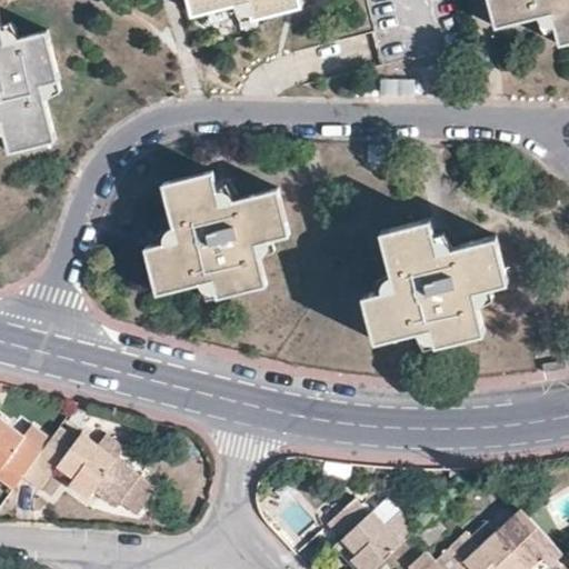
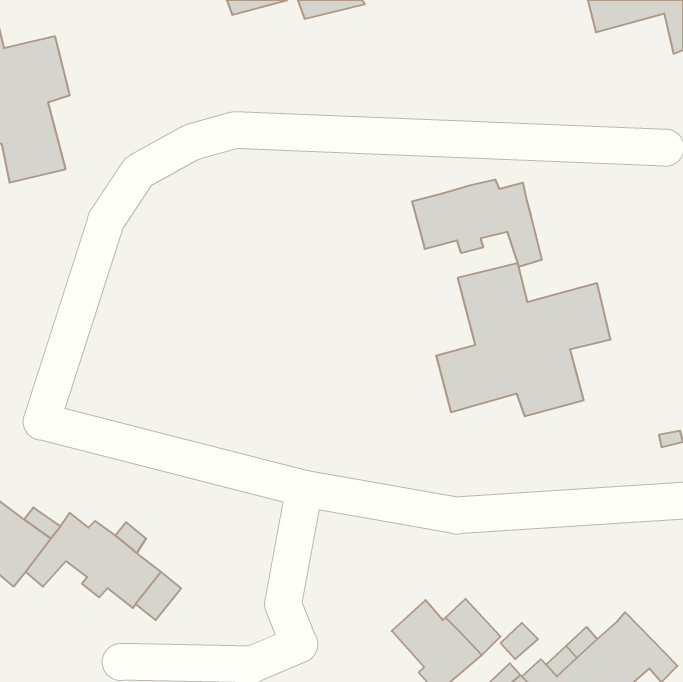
building: none -> [412,179,542,267]
building: [143,173,288,300] -> none

